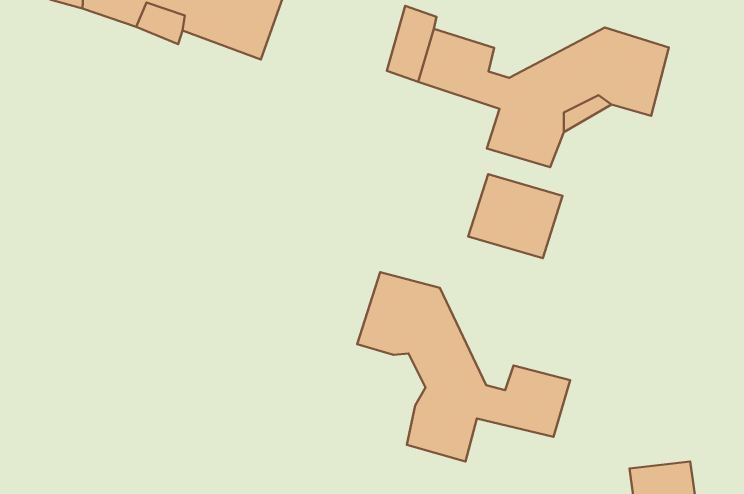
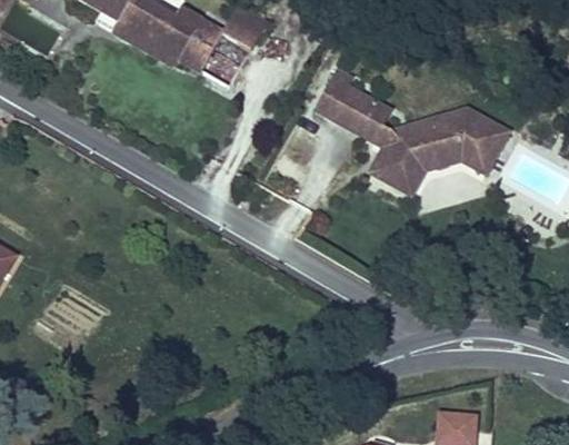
building: [468,174,563,258] -> none
building: [357,272,570,462] -> none

